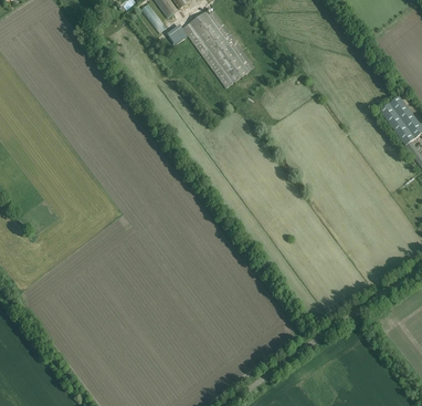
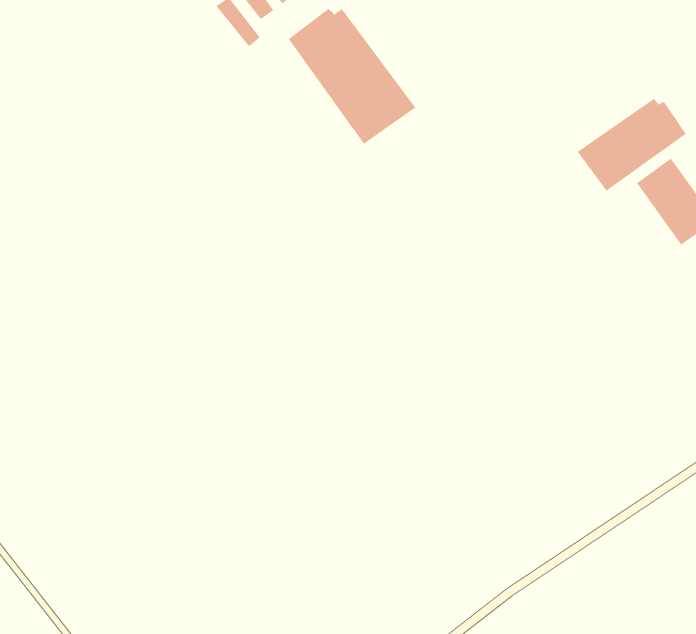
building: none -> [577,98,687,192]

